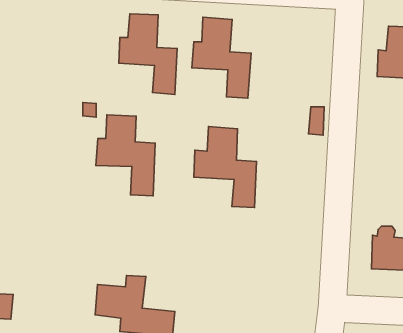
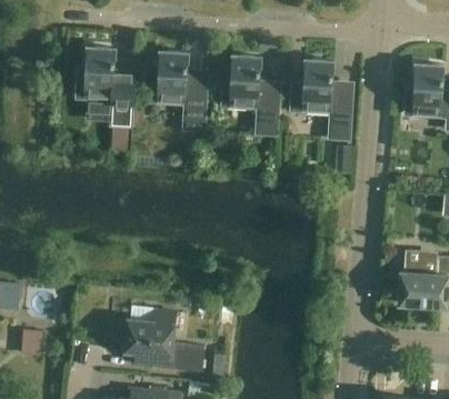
building: [96,115,155,196] -> [76,47,134,127]
building: [194,127,257,207] -> [290,59,352,139]

